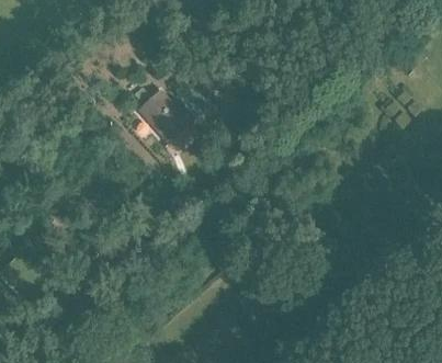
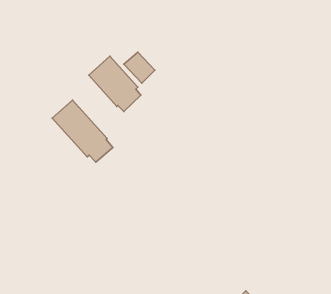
building: none -> [52,100,113,162]

